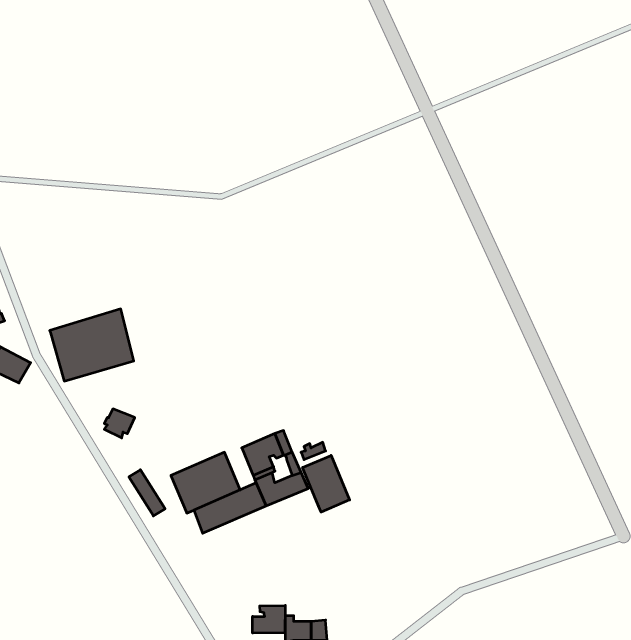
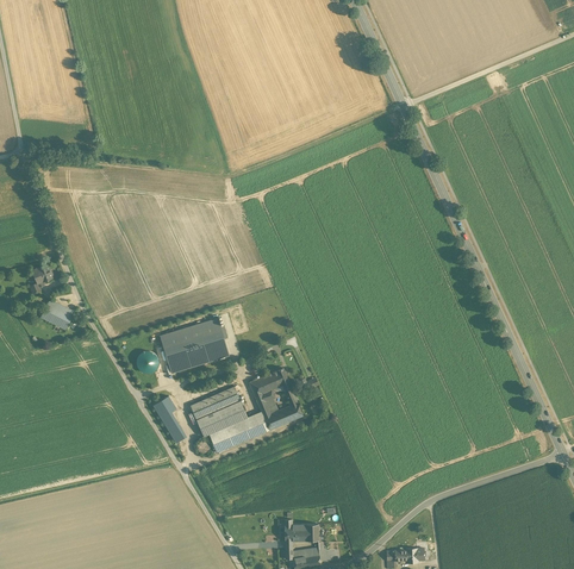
building: [50,309,134,381] -> [160,315,229,375]
building: [303,455,350,512] -> none
building: [253,605,285,633] -> none

